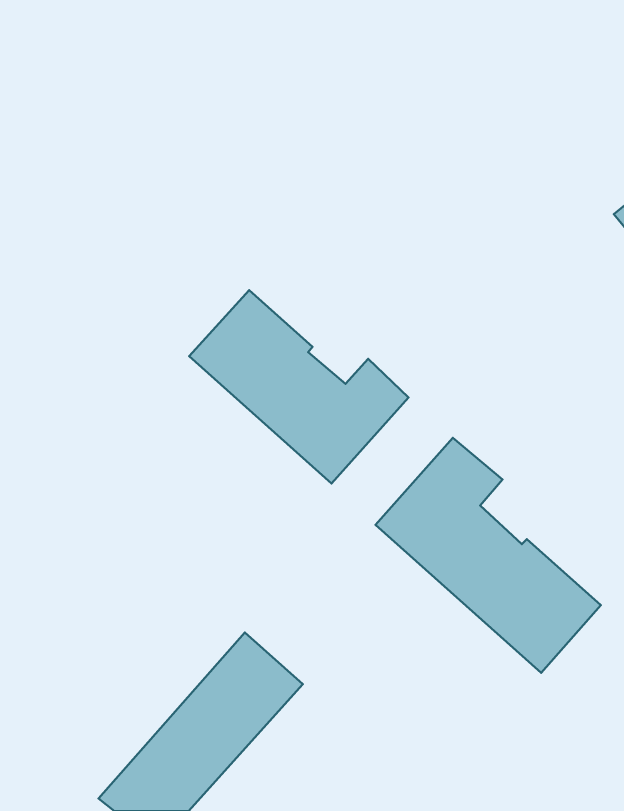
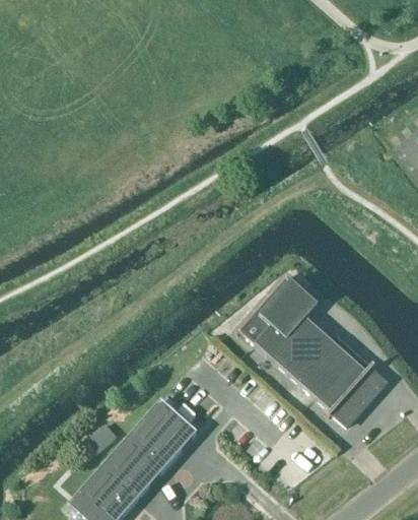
building: [189,290,409,483] -> none

